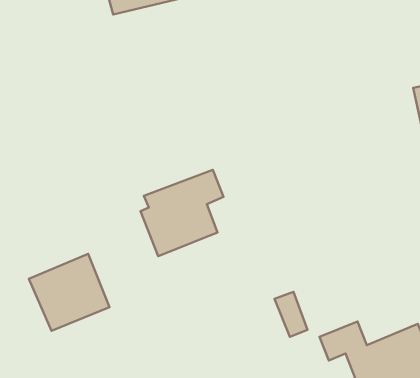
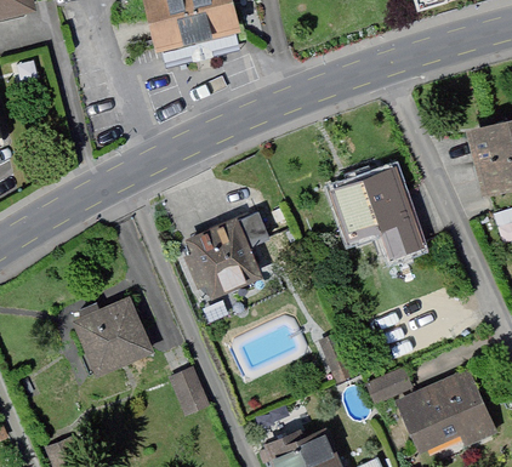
building: none -> [331,166,425,258]
building: none -> [167,368,210,418]

